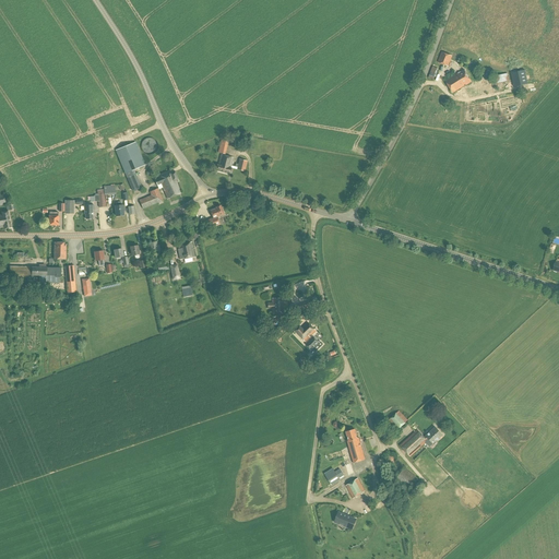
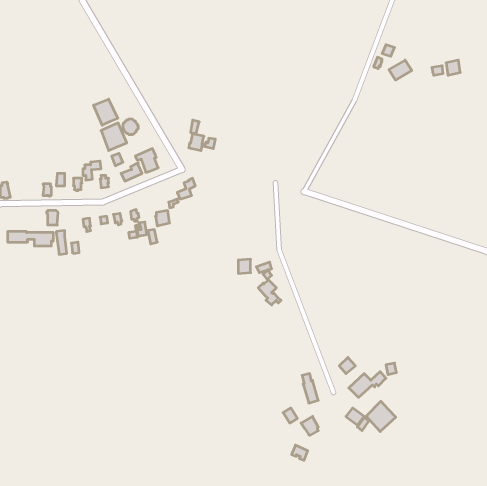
building: none -> [94,99,118,125]
building: none -> [366,401,396,432]

